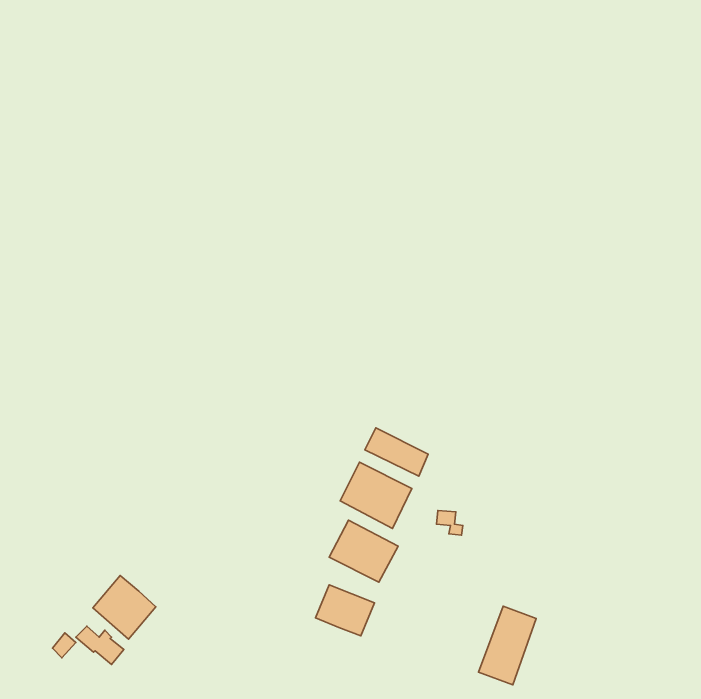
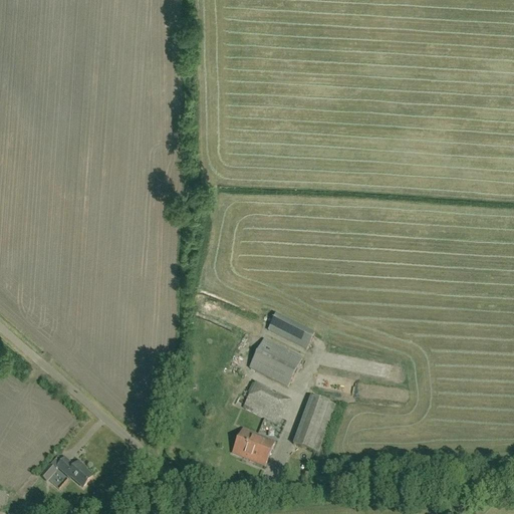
building: [93,575,156,639] -> none
building: [478,606,536,685] -> [291,395,333,452]

